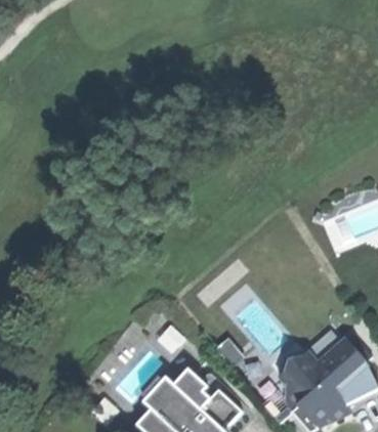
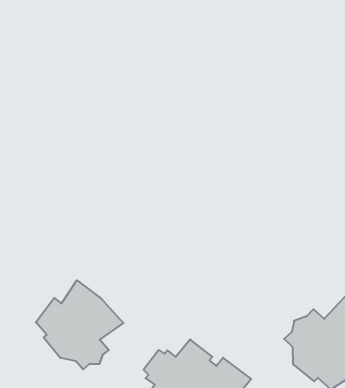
building: none -> [36,280,123,370]

